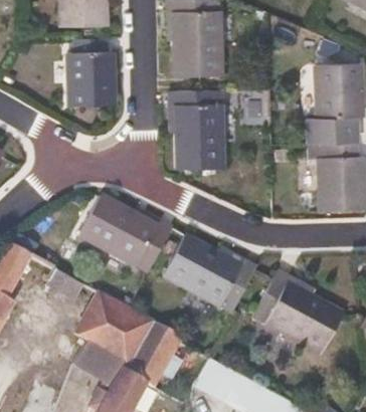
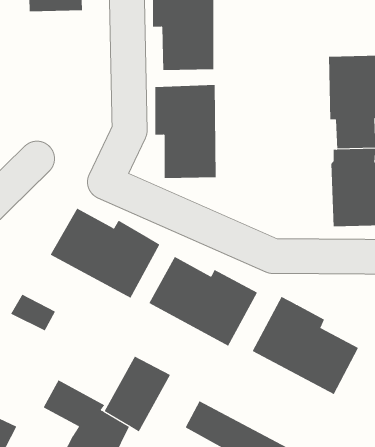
building: [67,37,114,105] -> none
building: [73,291,151,368] -> none

